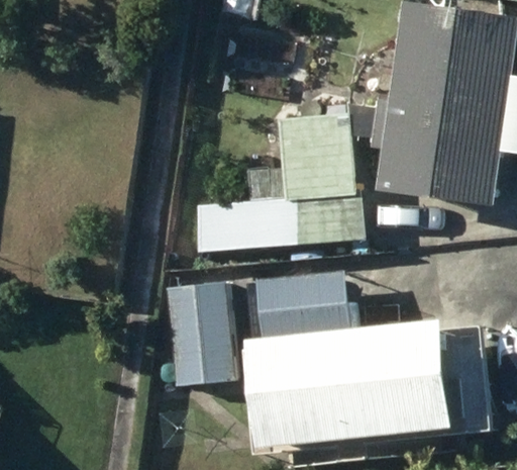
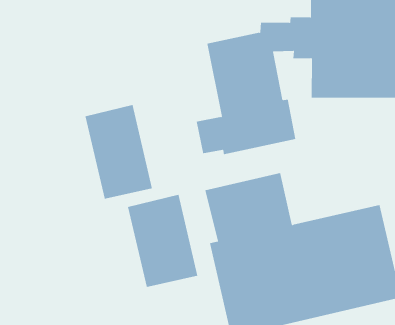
building: none -> [85,104,153,199]

